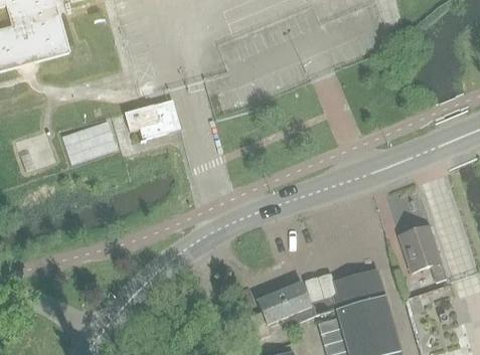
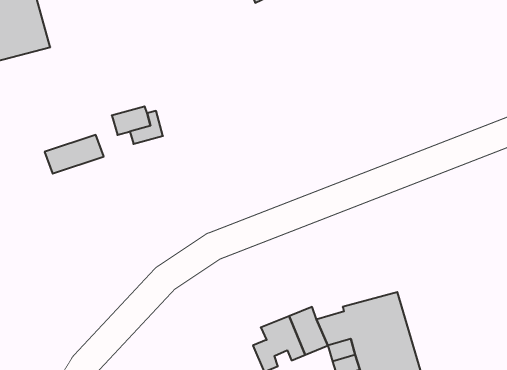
building: [398,224,447,281] -> none

